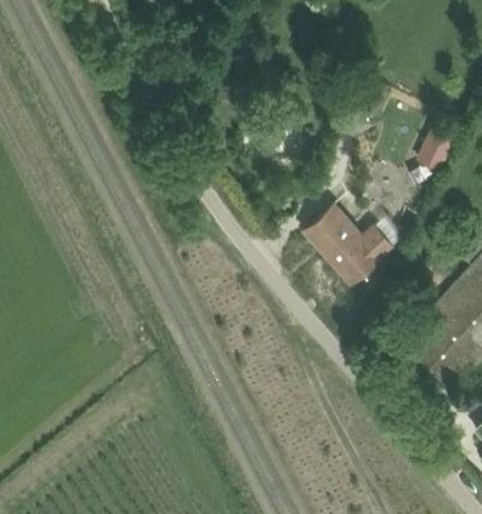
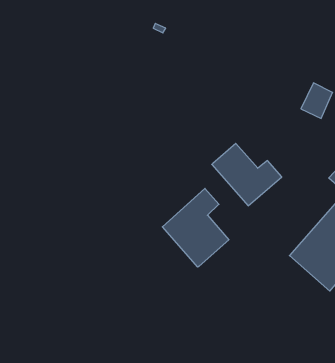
building: none -> [162,188,229,267]

